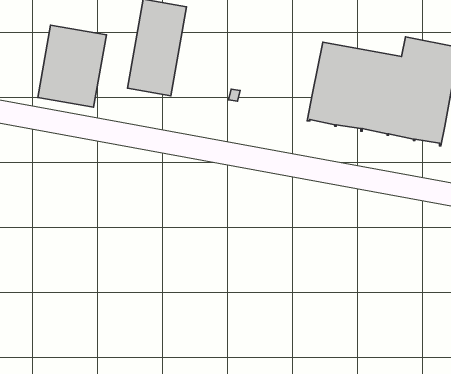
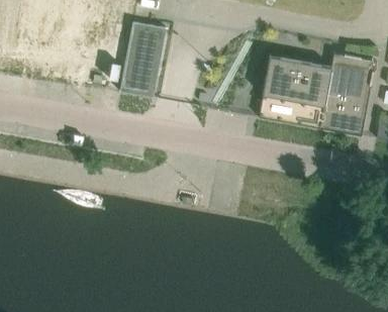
building: [38,25,106,107] -> none

